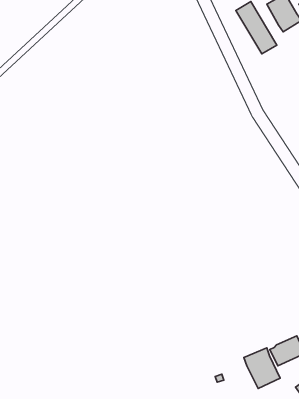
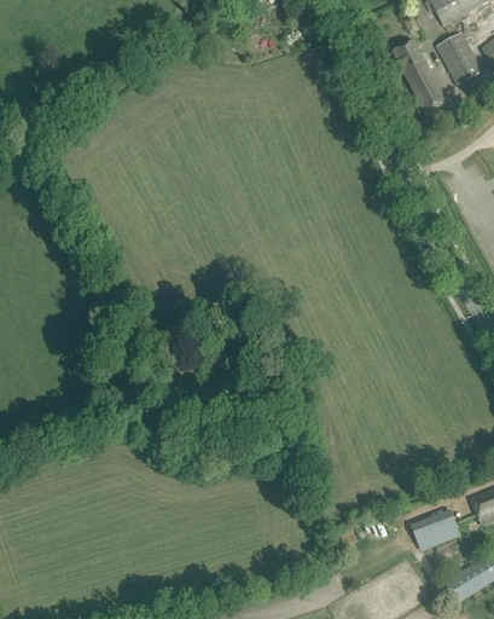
building: [244,348,280,389] -> none

